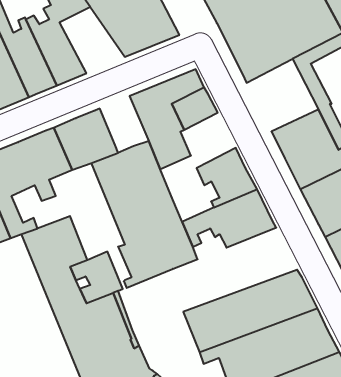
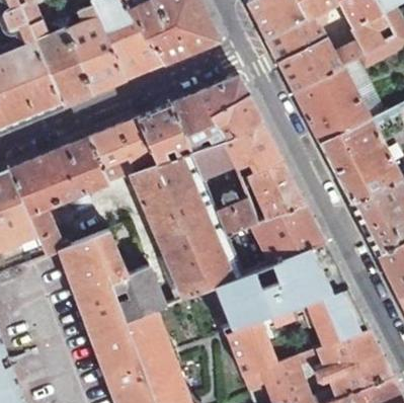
building: none -> [95,10,164,80]
building: none -> [293,65,369,142]
building: none -> [138,104,189,157]
building: none -> [223,122,281,174]
building: none -> [215,194,258,237]
building: none -> [215,243,346,332]

